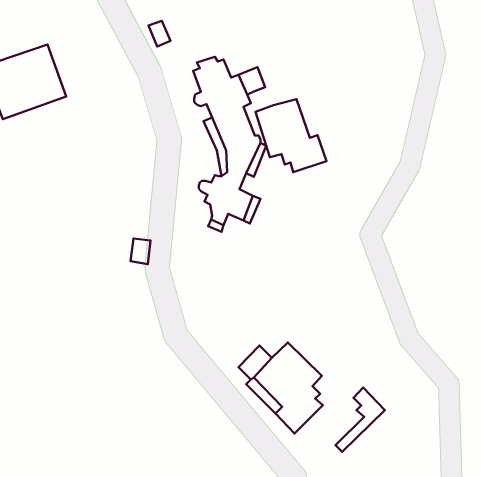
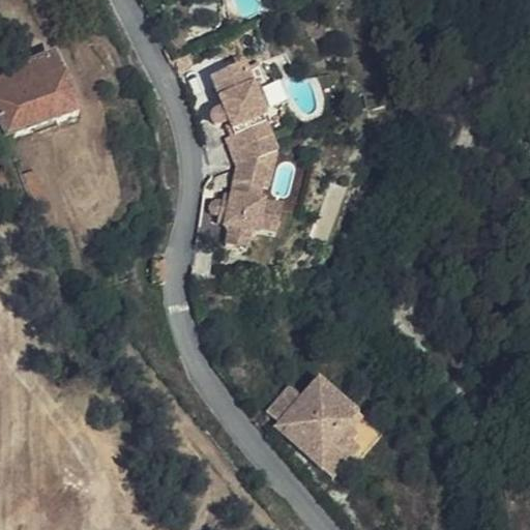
building: [255,99,327,172] -> none
building: [336,388,385,452] -> [322,411,376,481]

